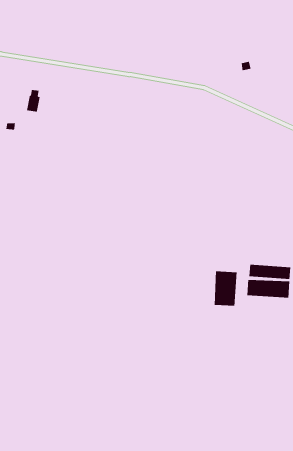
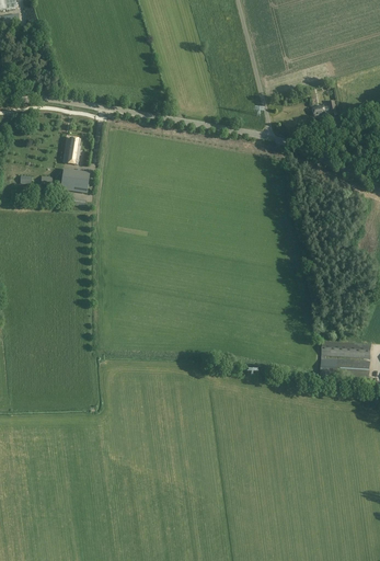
building: none -> [60,165,90,191]
building: [214,271,237,307] -> none

